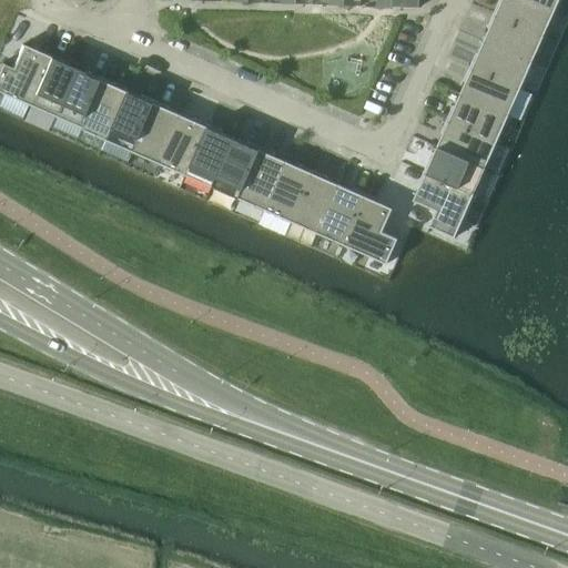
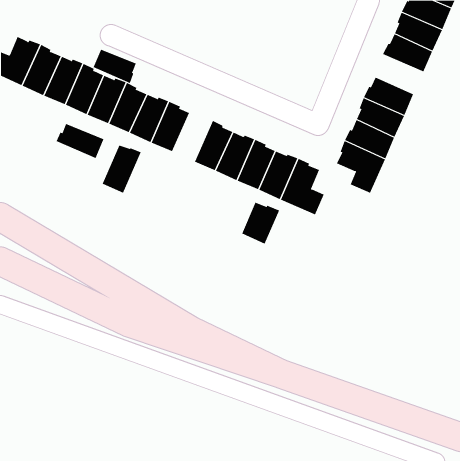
building: none -> [93,49,137,84]
building: [463,68,523,116] -> none
building: [214,140,263,200] -> [102,145,142,194]
building: none -> [56,123,104,159]
building: none -> [242,202,280,244]

